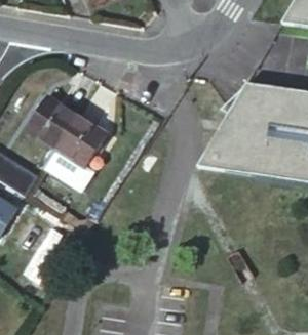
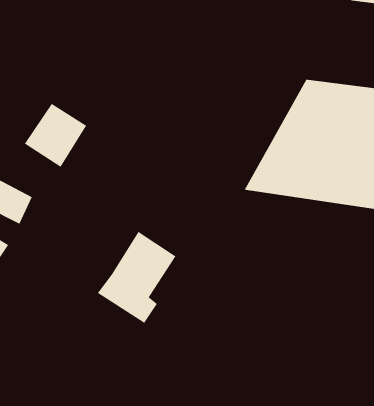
building: [47,116,109,187] -> [97,231,176,324]

